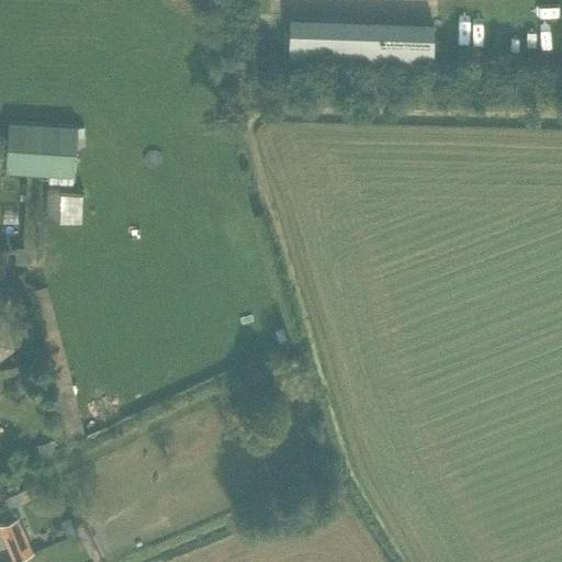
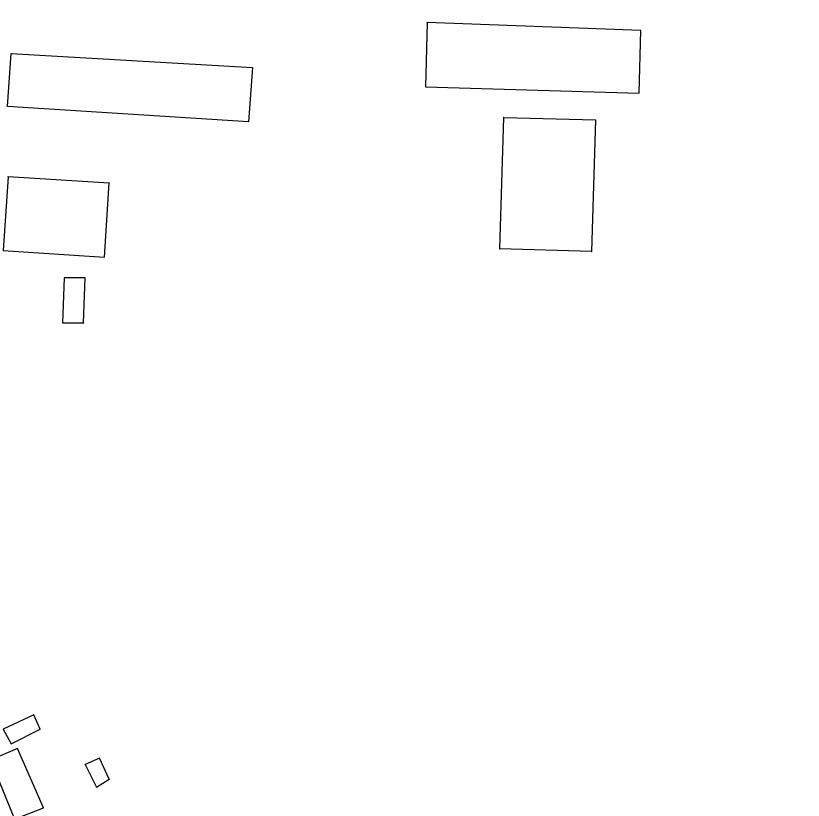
building: none -> [8,54,252,122]
building: none -> [500,117,596,252]

